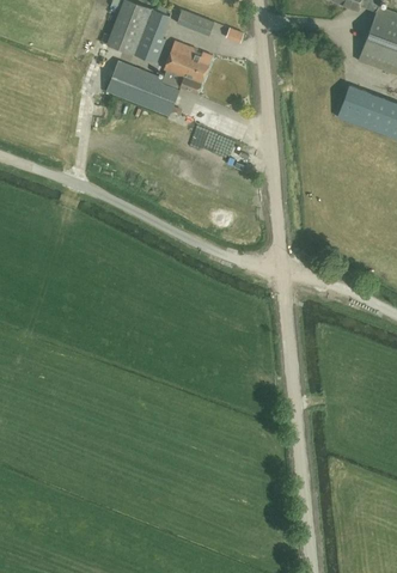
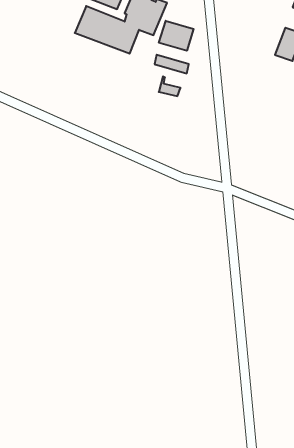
building: none -> [159,21,194,51]

